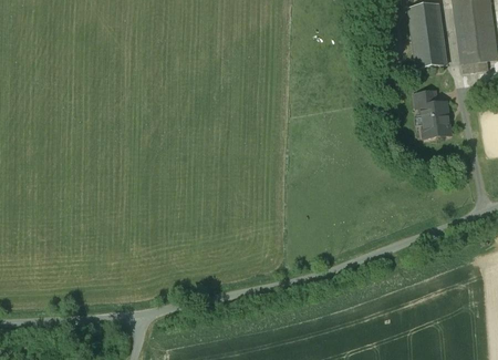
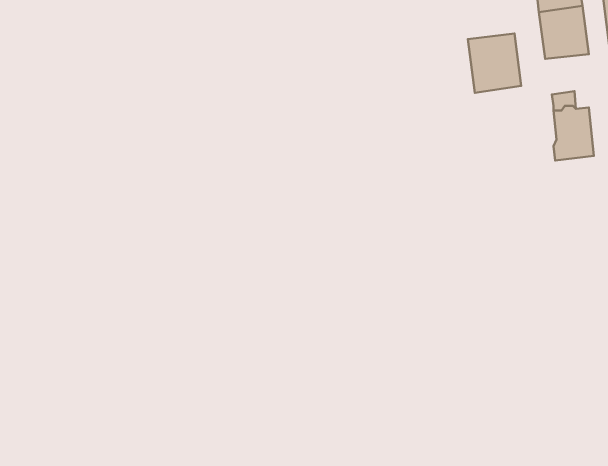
building: none -> [468,34,521,93]

